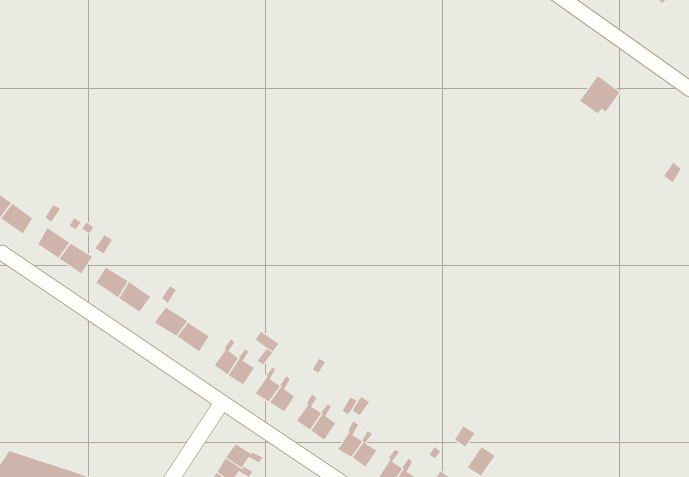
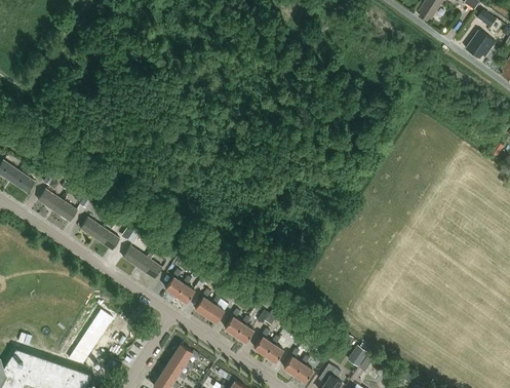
building: [579,75,620,114] -> [465,31,495,59]
building: none -> [68,310,113,363]

